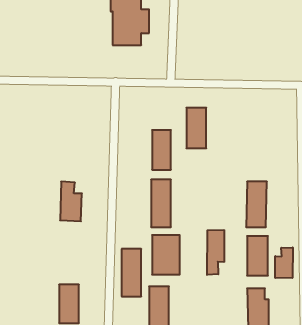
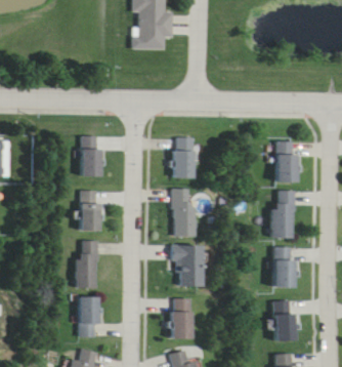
building: [186,108,206,148] -> [275,140,296,182]
building: none -> [81,136,102,176]
building: [207,230,224,275] -> none
building: [275,247,293,278] -> none
building: [122,249,141,296] -> [78,240,98,289]

